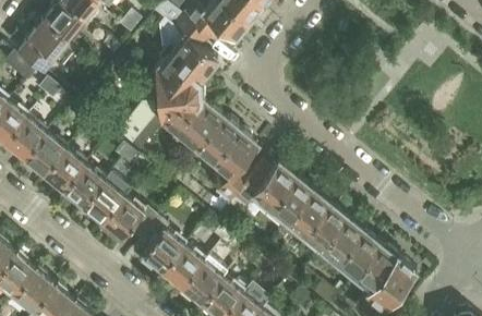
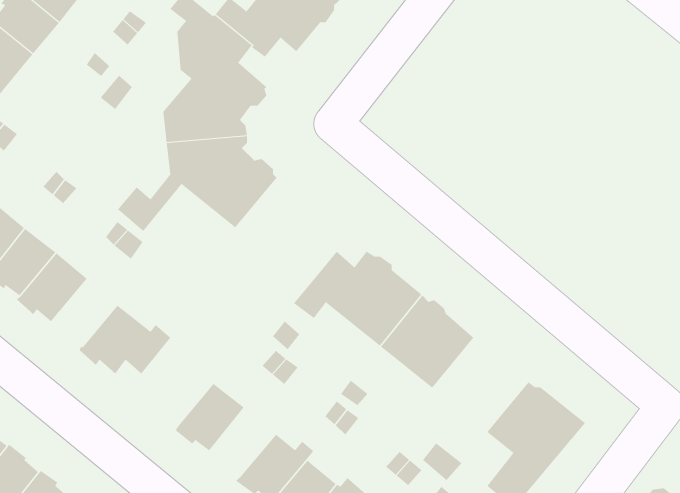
building: [197,117,257,202] -> none
building: [80,180,123,222] -> none
building: [138,217,183,271] -> none
building: [321,217,381,276] -> none
building: [179,255,227,304] -> none

